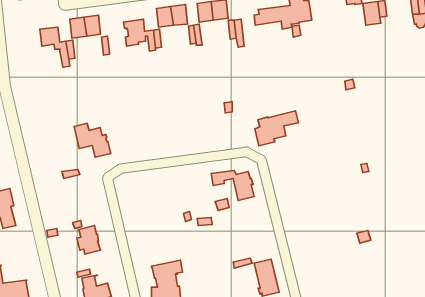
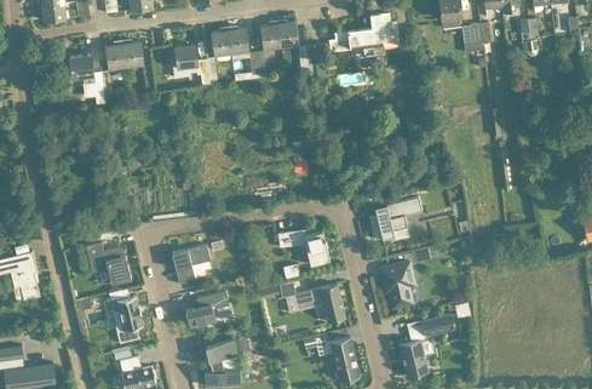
building: [255,111,299,146] -> [369,196,423,239]
building: [74,123,111,157] -> [86,241,131,282]
building: none -> [172,244,211,284]
building: none -> [380,261,416,307]
building: none -> [284,284,345,322]
building: none -> [185,291,229,330]
building: none -> [400,314,454,376]

